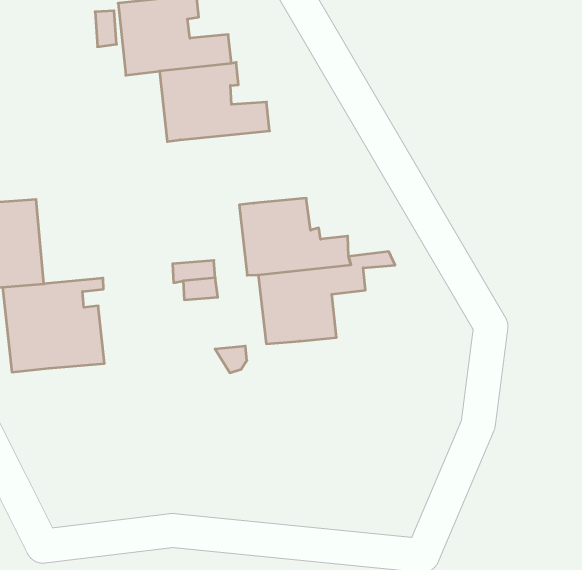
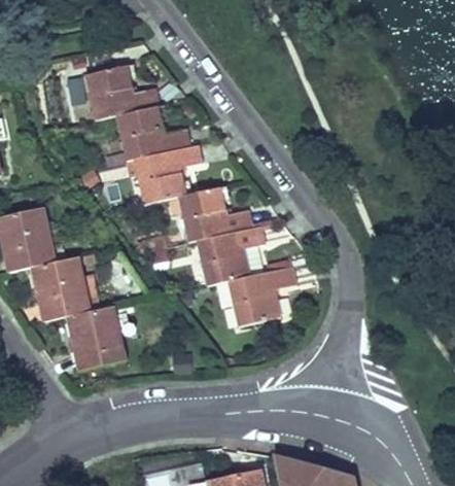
building: none -> [134,144,204,204]
building: none -> [226,258,296,326]
building: none -> [65,307,127,372]

